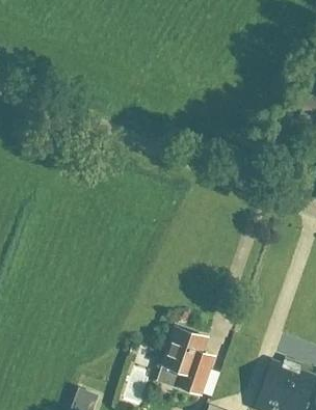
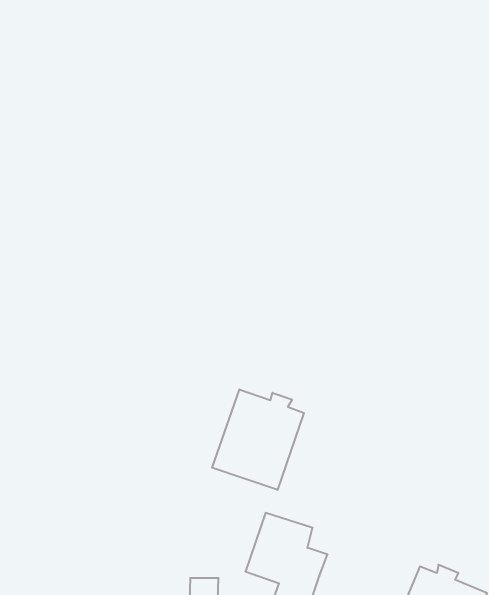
building: none -> [212,389,304,490]

